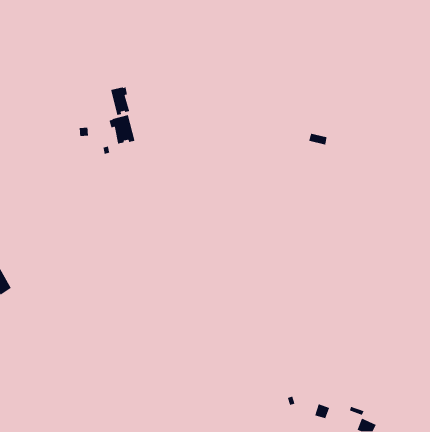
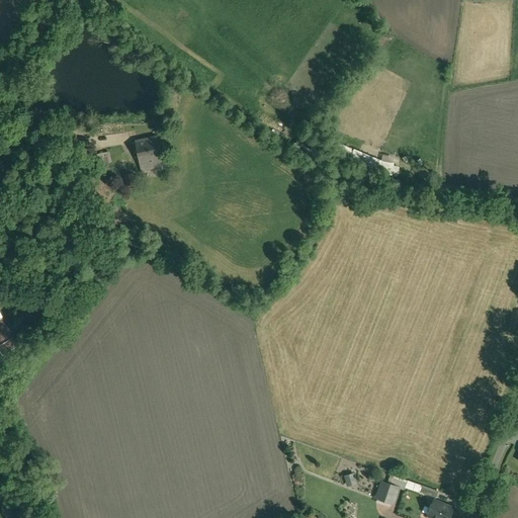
building: [110,86,130,116] -> none

